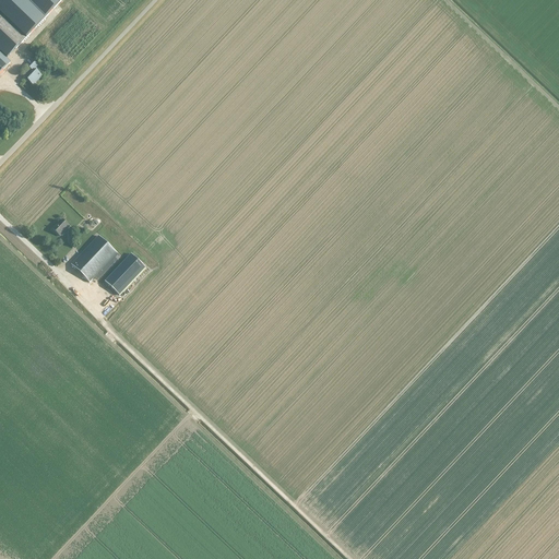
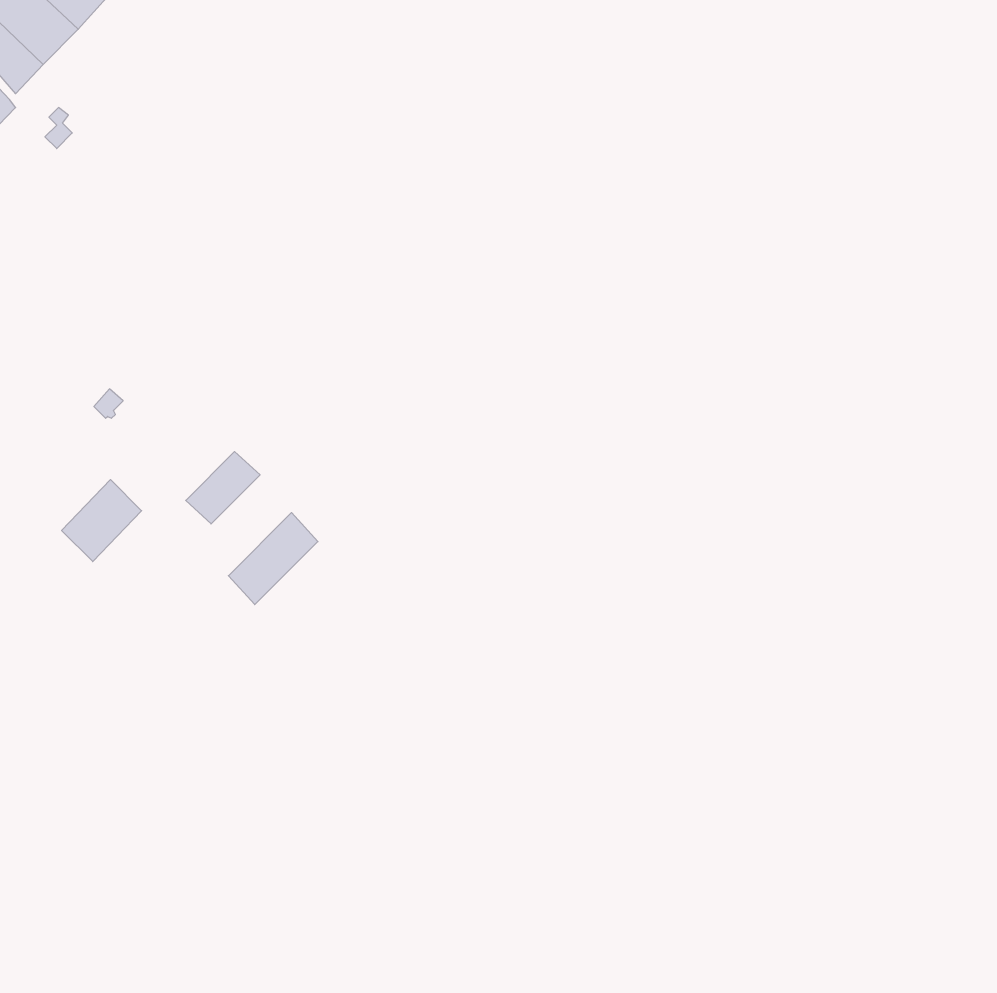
building: [71,234,116,280] -> [62,480,142,562]
building: none -> [228,513,318,605]

